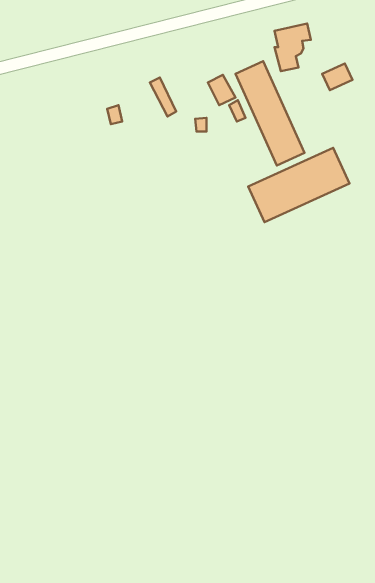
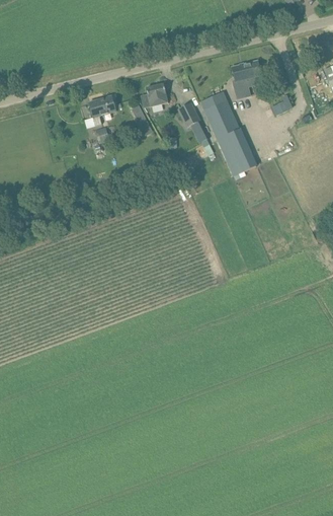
building: none -> [141,83,168,108]
building: none -> [89,96,116,126]
building: [248,148,349,222] -> none

